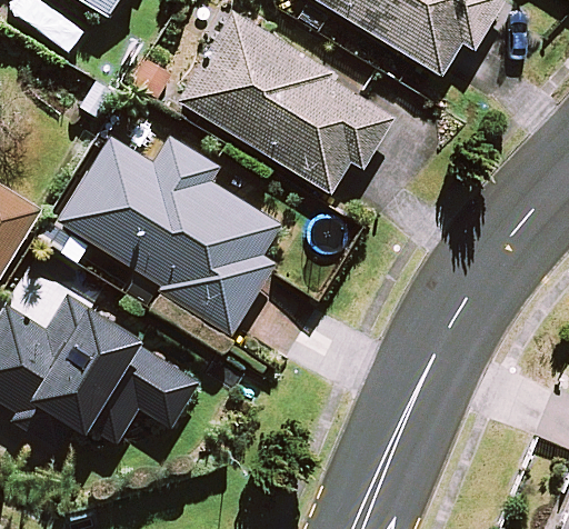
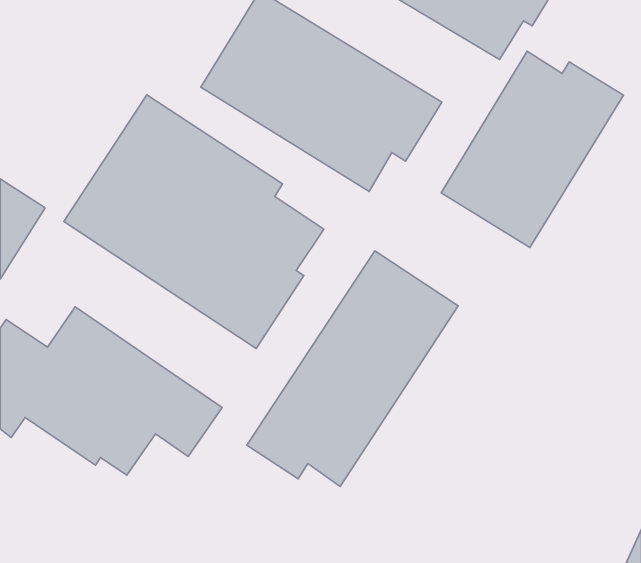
building: none -> [441,51,624,248]
building: none -> [247,251,458,486]

